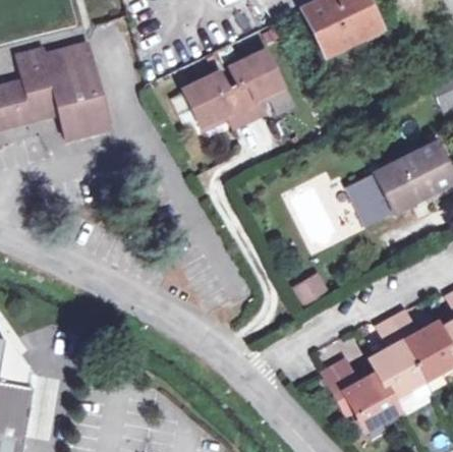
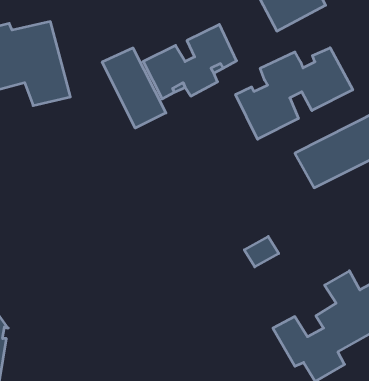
building: none -> [236,48,353,139]
building: none -> [102,48,166,128]

